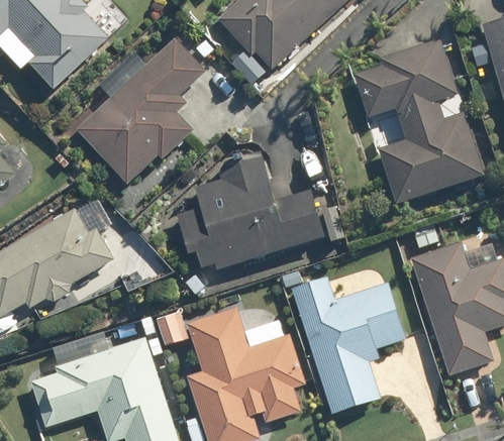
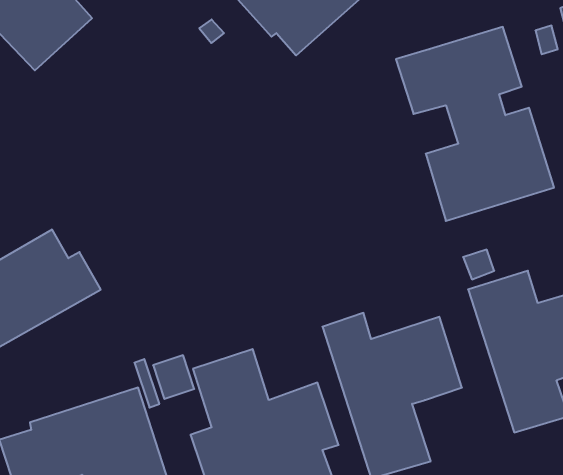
building: [73,41,200,186] -> none
building: [177,151,323,266] -> none

